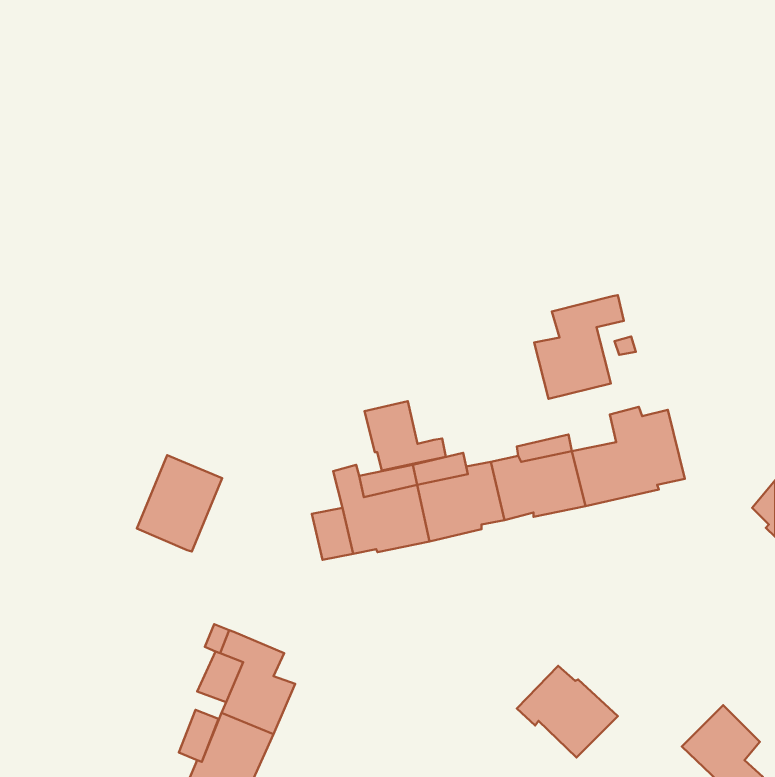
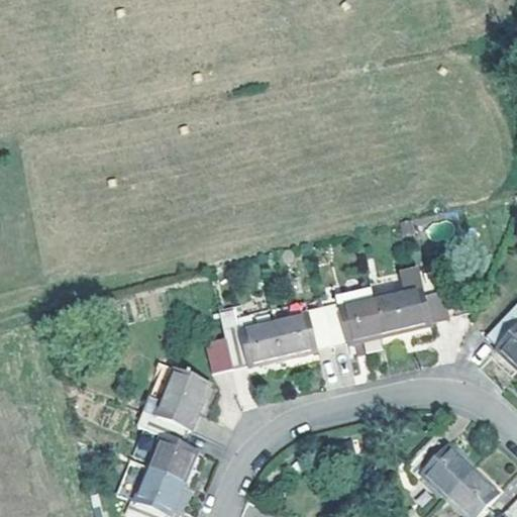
building: [534,295,624,399] -> none
building: [365,401,446,470] -> none
building: [137,455,222,552] -> [154,372,211,435]
building: [517,666,618,757] -> [411,435,478,496]

